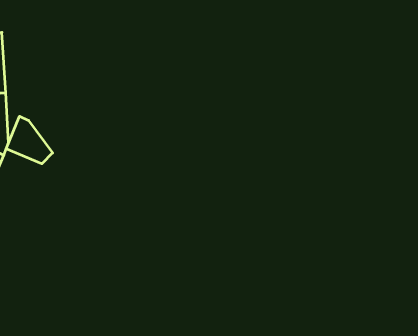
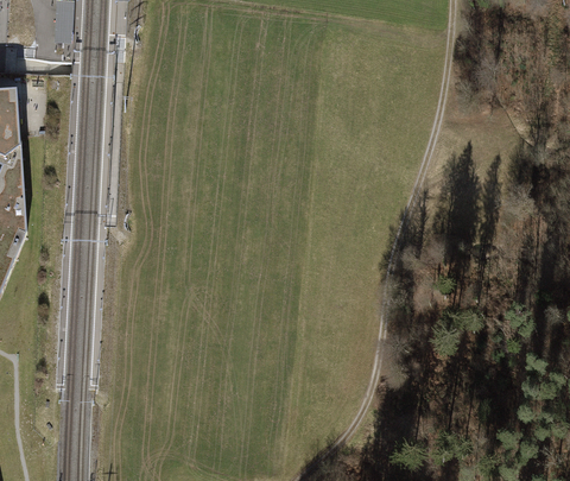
building: [6,116,53,164] -> none

